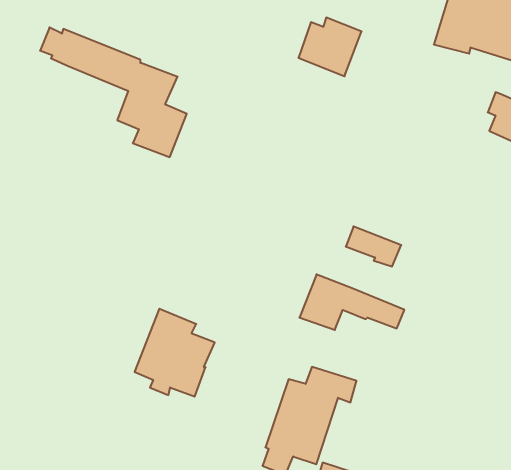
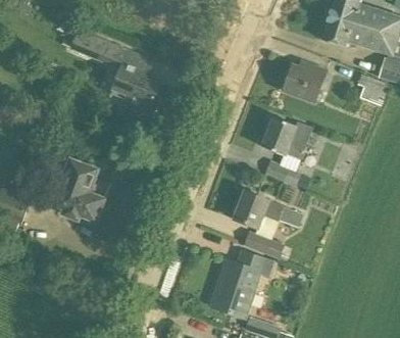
building: [298,18,362,76] -> [284,61,326,100]
building: none -> [262,115,312,157]
building: [135,309,215,397] -> [55,159,108,218]
building: none -> [243,229,285,257]

